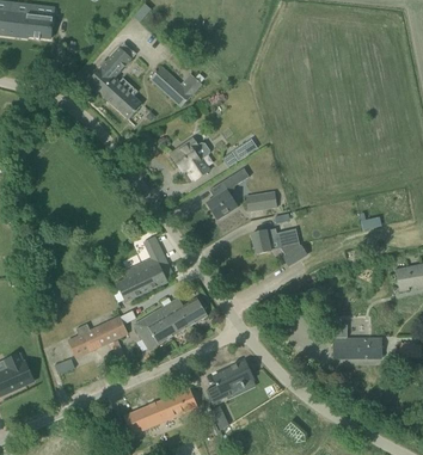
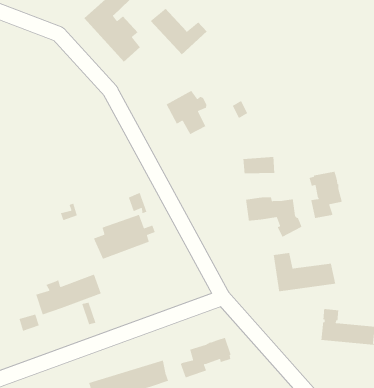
building: [206,167,249,219] -> none
building: none -> [309,171,343,219]
building: none -> [273,252,336,292]
building: [133,297,207,349] -> none

